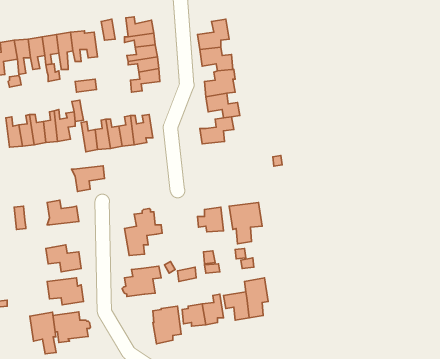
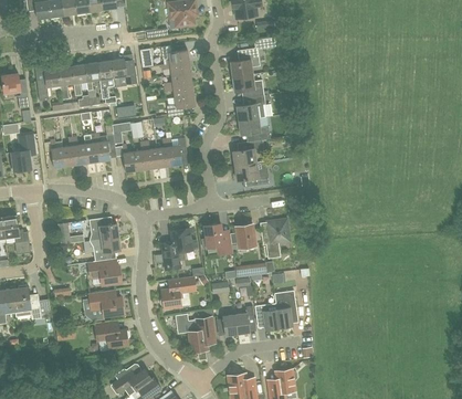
building: none -> [234,162,269,185]
building: [71,166,104,192] -> [88,238,119,262]
building: none -> [201,224,233,255]
building: [30,312,56,354] -> none

